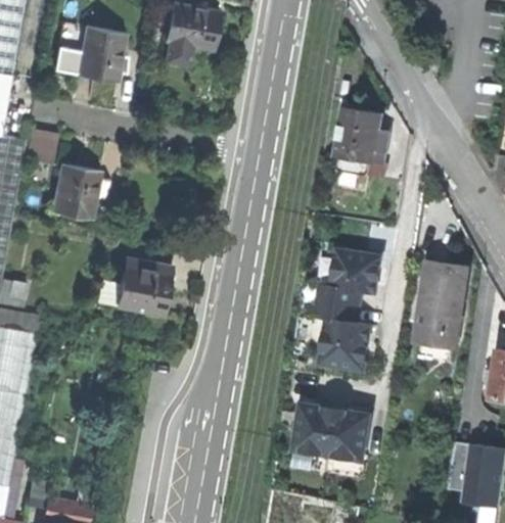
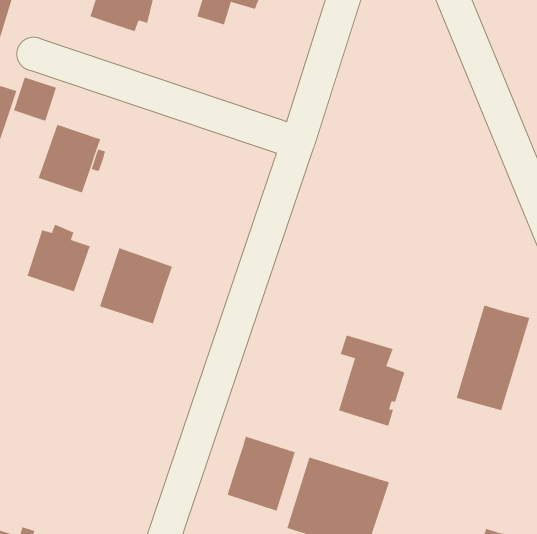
building: [337,105,392,175] -> none
building: none -> [27,224,90,292]
building: [320,250,382,307] -> none
building: none -> [227,436,295,512]

